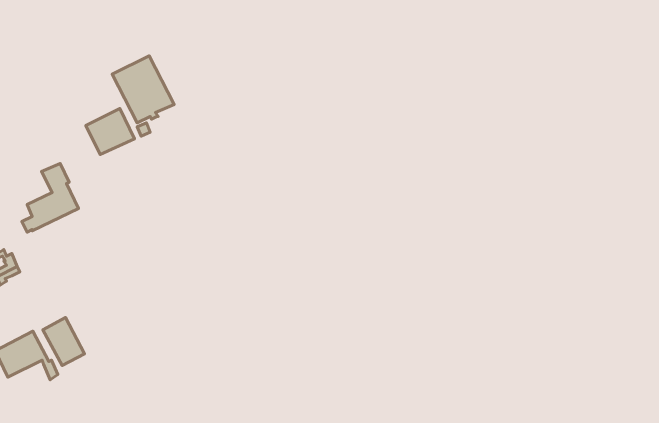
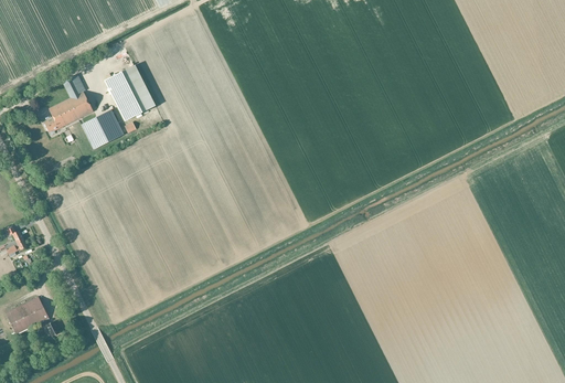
building: [22,164,78,232] -> [45,74,93,131]
building: [43,317,85,365] -> none

